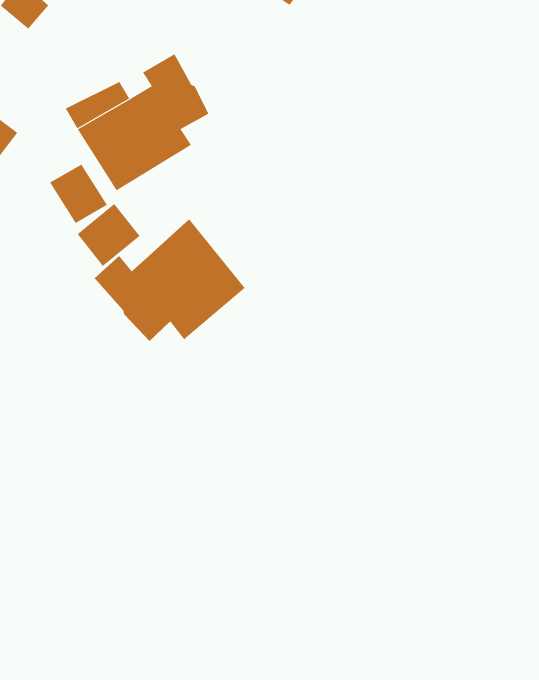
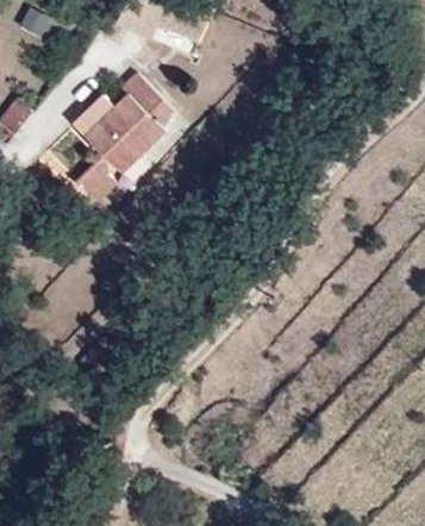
building: [94,219,246,342] -> none

